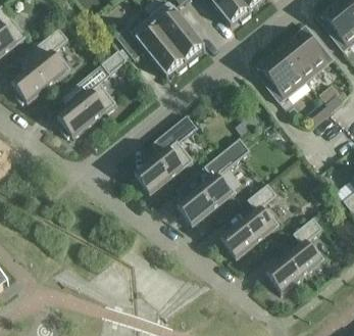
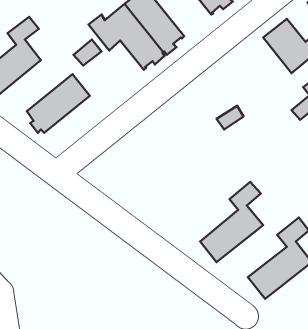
building: [258,46,306,101] -> none
building: [134,114,197,193] -> none
building: [176,136,250,225] -> none

